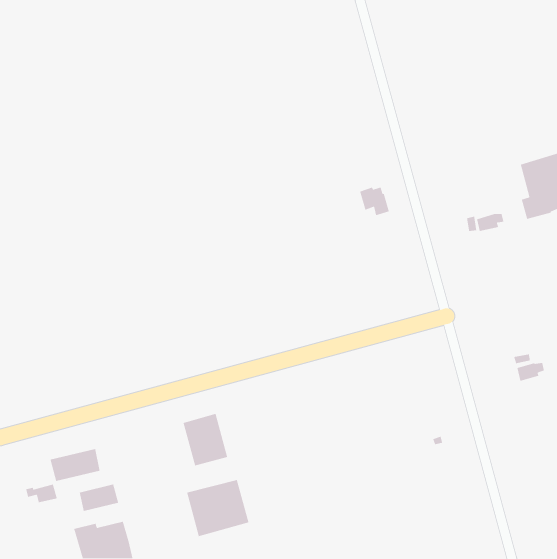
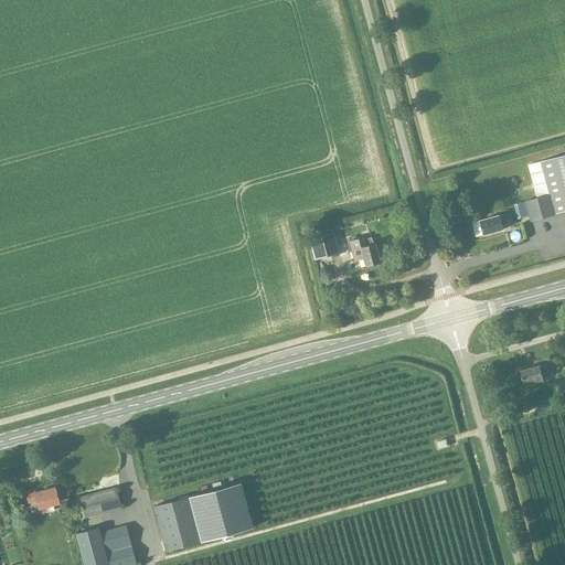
building: [359,187,390,216] -> [351,237,382,267]
building: none -> [311,233,341,259]
building: [182,413,228,466] -> [156,497,202,551]
building: [50,448,101,482] -> none

